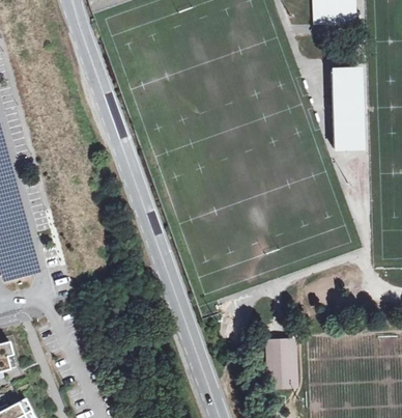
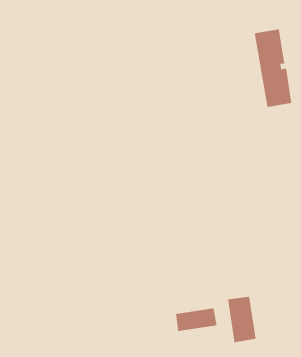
building: none -> [175,307,217,332]

